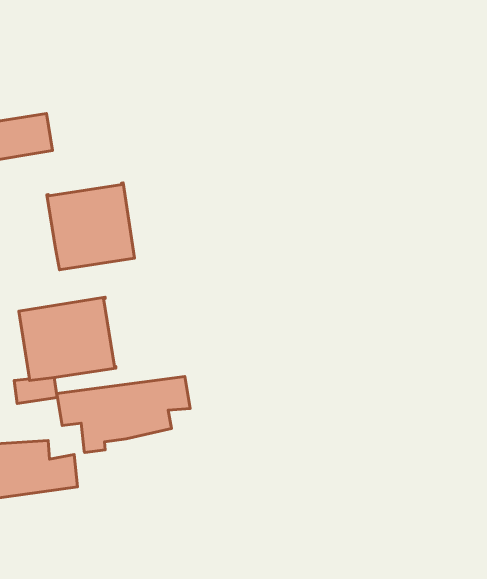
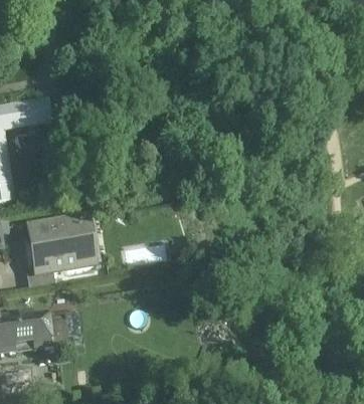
building: [47,183,134,270] -> none
building: [57,377,190,453] -> none

